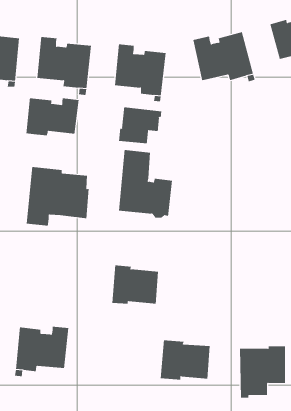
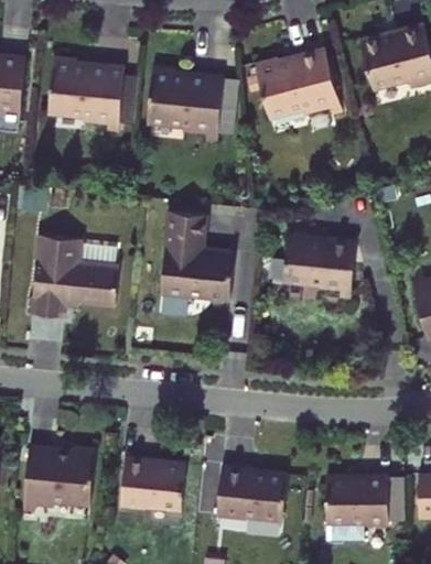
building: [26,97,79,136] -> none
building: [118,107,162,144] -> none
building: none -> [281,234,354,301]
building: [111,265,159,304] -> [118,459,182,512]

